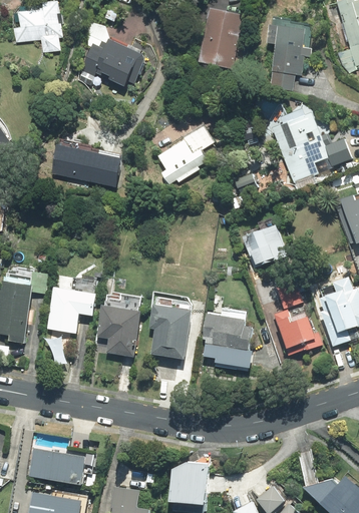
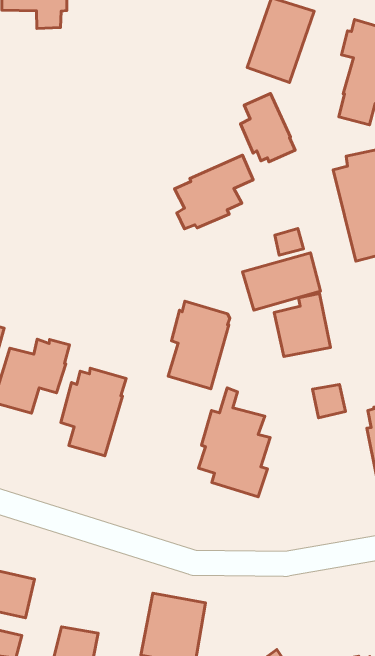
building: [78,37,143,86] -> none
building: none -> [241,94,295,162]
building: [50,141,121,187] -> none
building: none -> [243,253,321,310]
building: [149,298,190,359] -> [168,301,230,389]
building: [273,310,322,356] -> none

